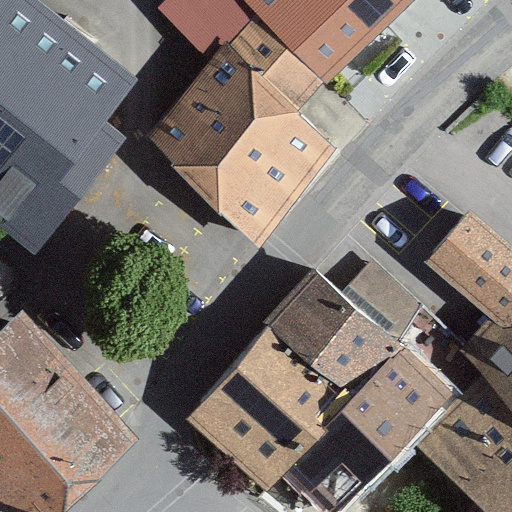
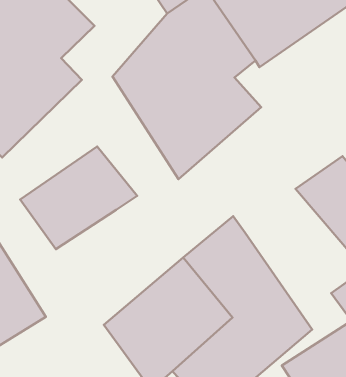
building: none -> [20,147,137,249]
building: [336,256,424,351] -> none

